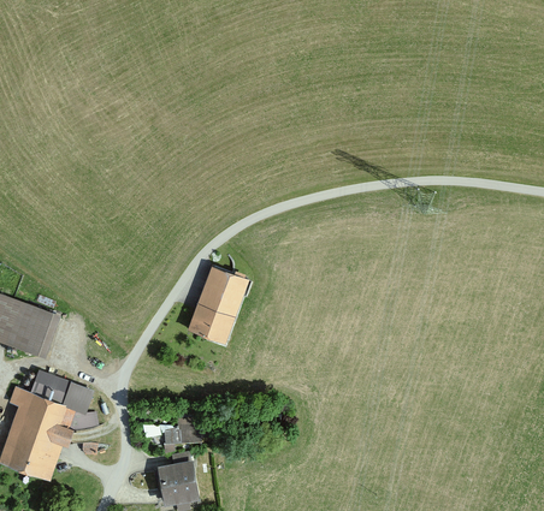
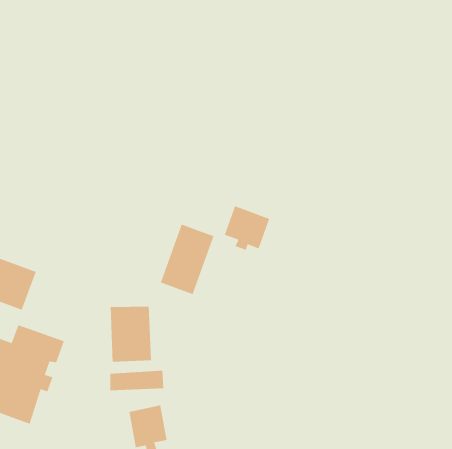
building: none -> [224,205,270,251]
building: none -> [110,306,152,362]

